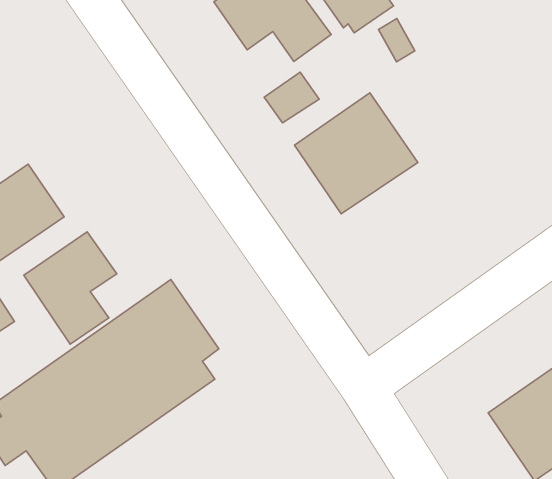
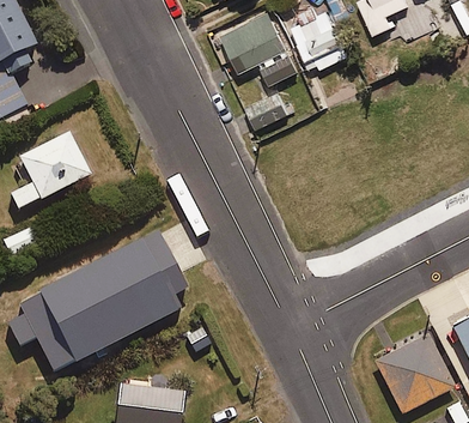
building: [295,93,418,214] -> none
building: [24,232,117,344] -> none

